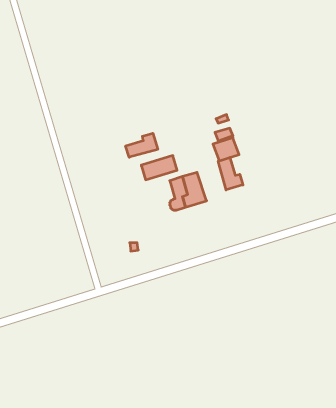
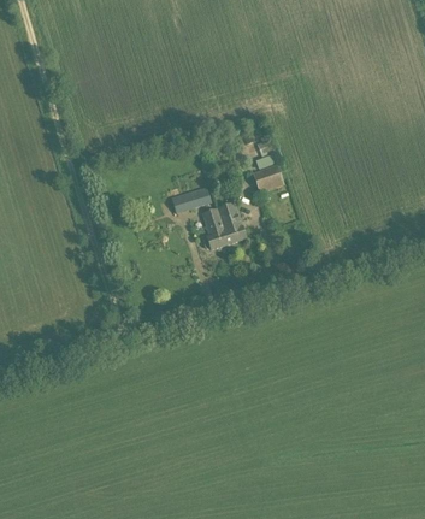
building: [126,133,158,157] -> none
building: [218,157,243,190] -> none

